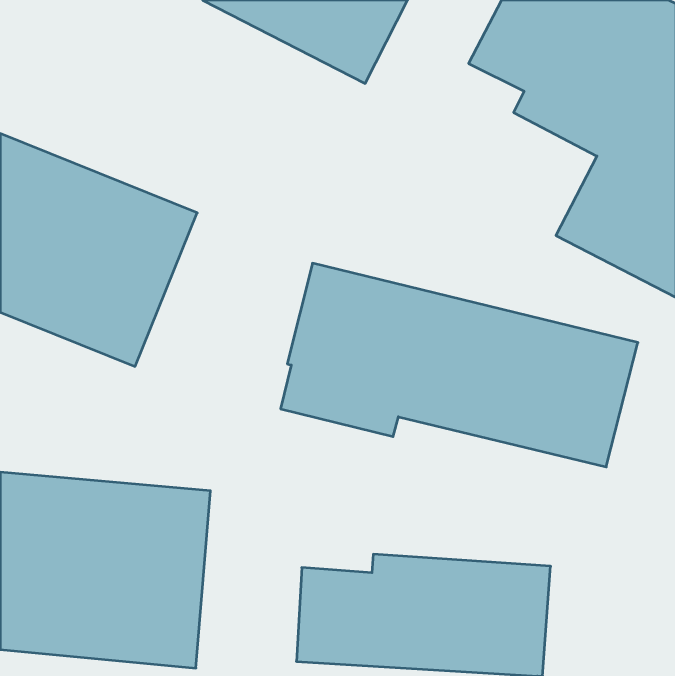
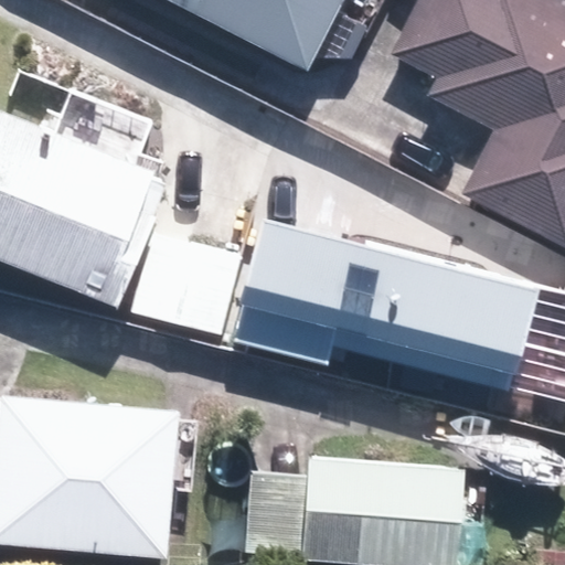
building: none -> [131,234,241,334]

